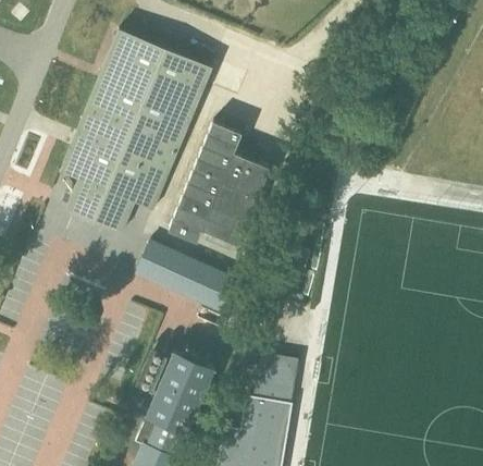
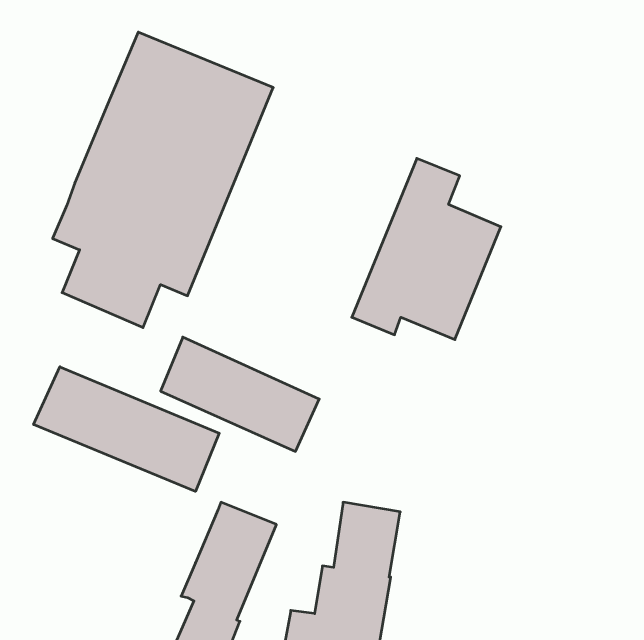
building: [168,121,270,245] -> [352,158,501,340]
building: none -> [34,367,219,491]

